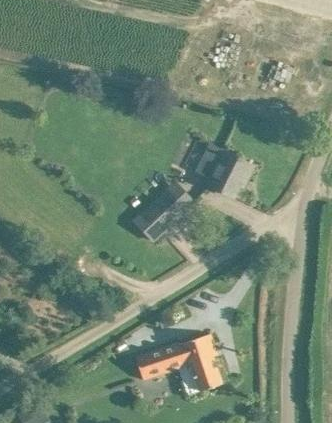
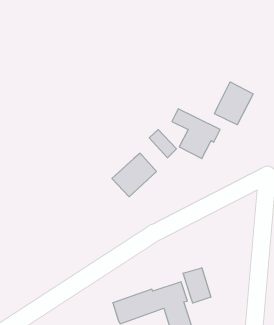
building: none -> [214,82,253,125]
building: none -> [183,268,211,303]

